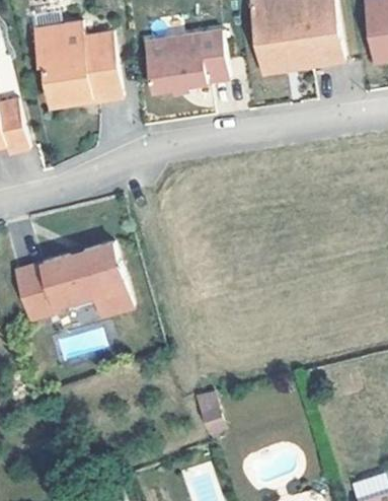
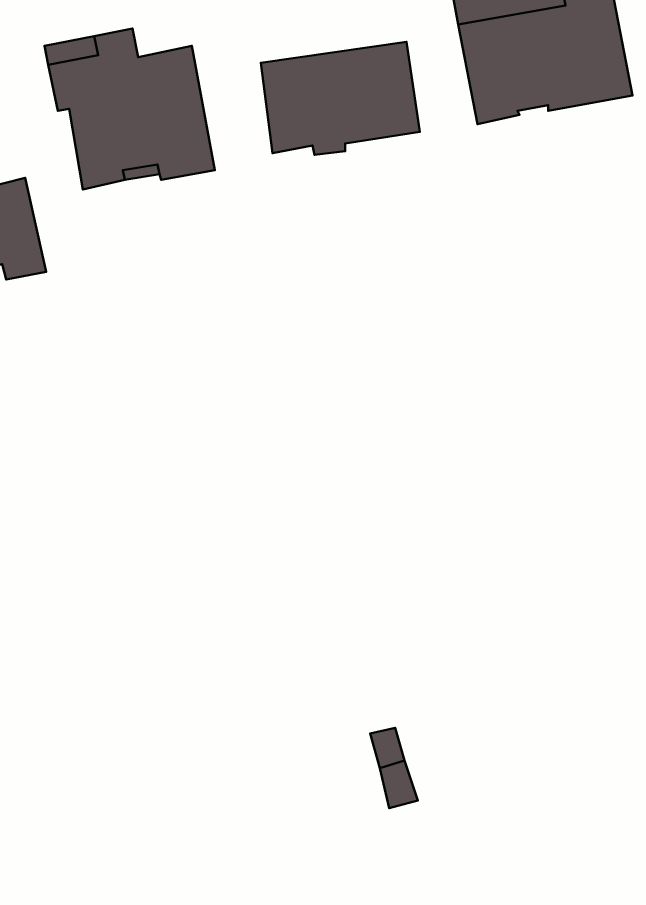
building: [14,241,132,321] -> none

